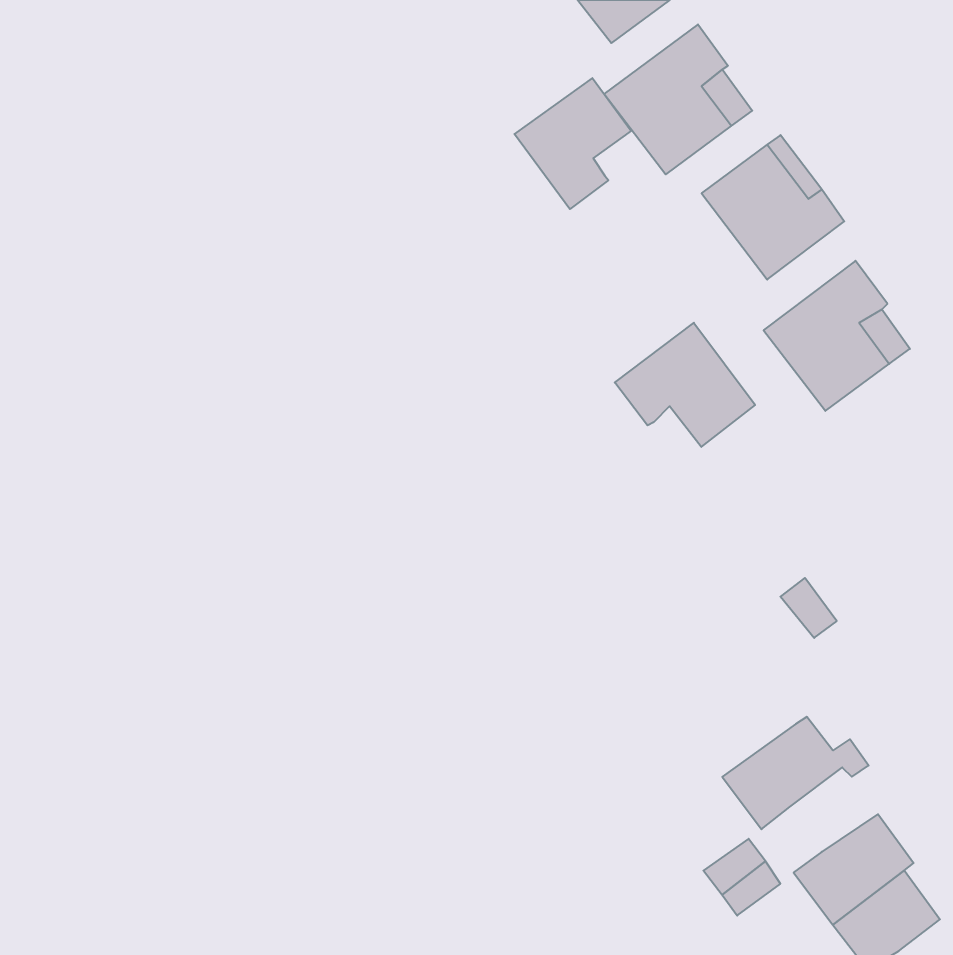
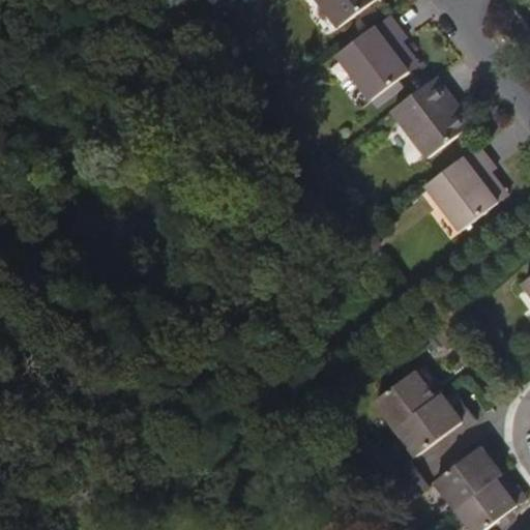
building: [514,78,631,209] -> none
building: [615,323,755,447] -> none
building: none -> [378,376,439,431]

